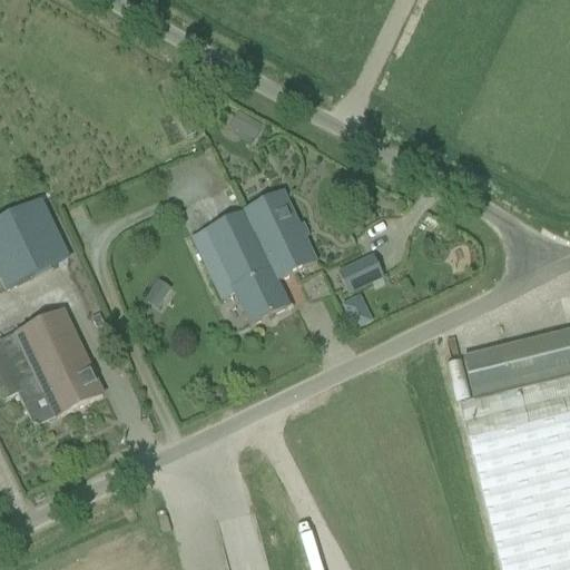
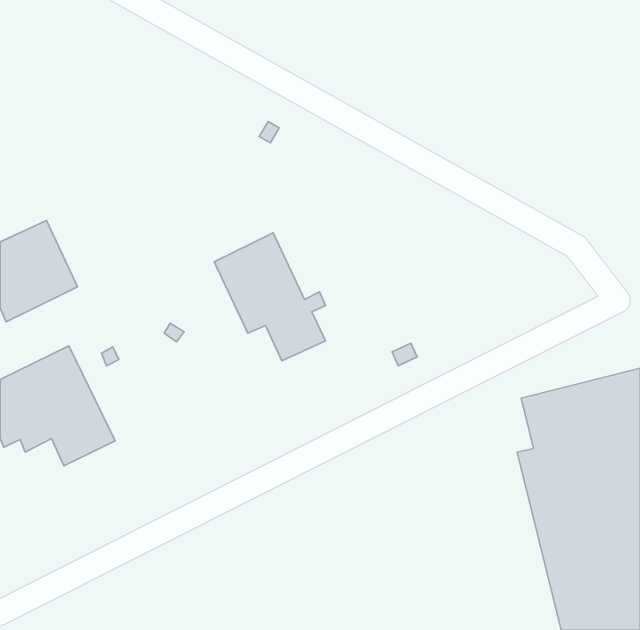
building: [243,188,317,272] -> none
building: [337,252,382,289] -> none

